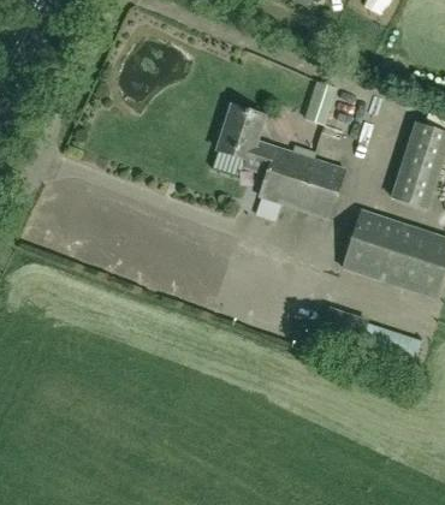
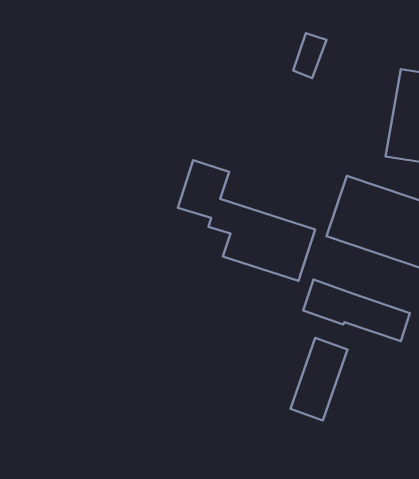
building: [216,105,345,218] -> [178,160,315,281]
building: none -> [290,338,347,421]

